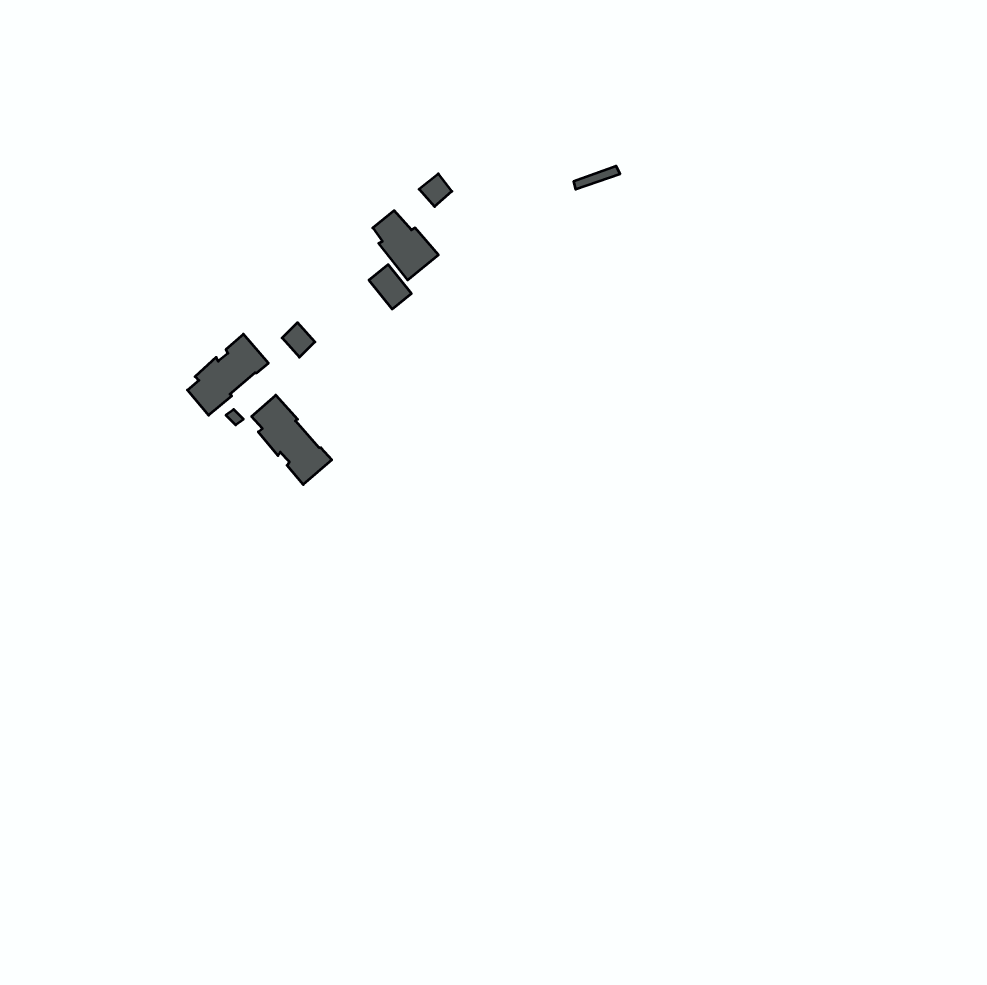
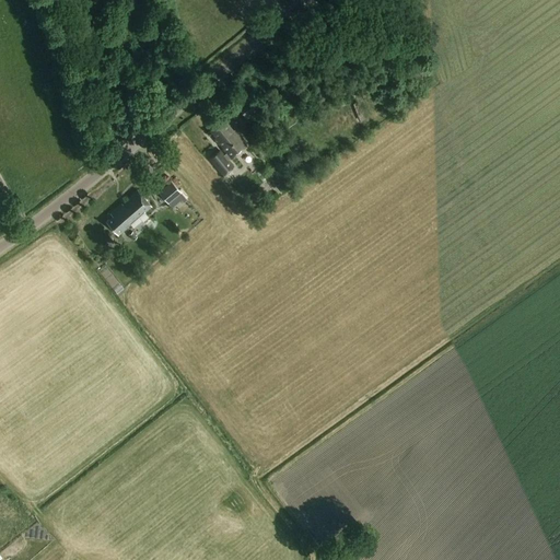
building: [252,395,332,485] -> none

